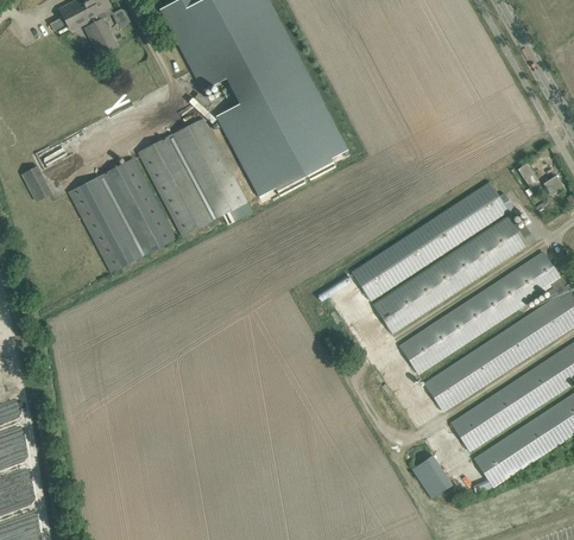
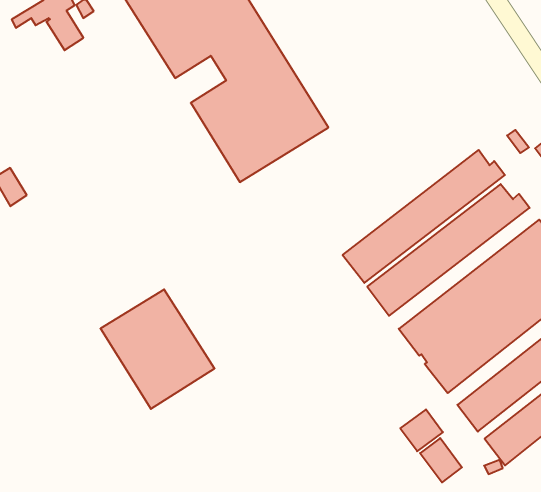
building: [137,116,247,235] -> none
building: [69,159,176,273] -> [100,289,215,409]
building: none -> [400,409,443,451]

